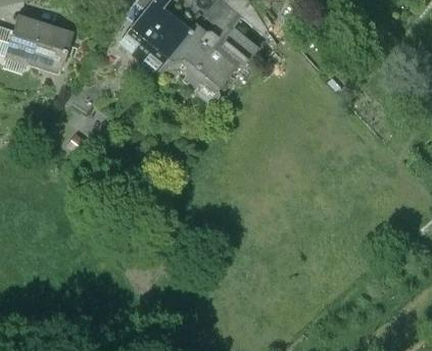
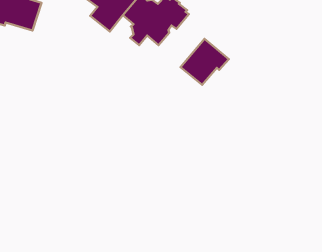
building: none -> [181,39,229,85]

